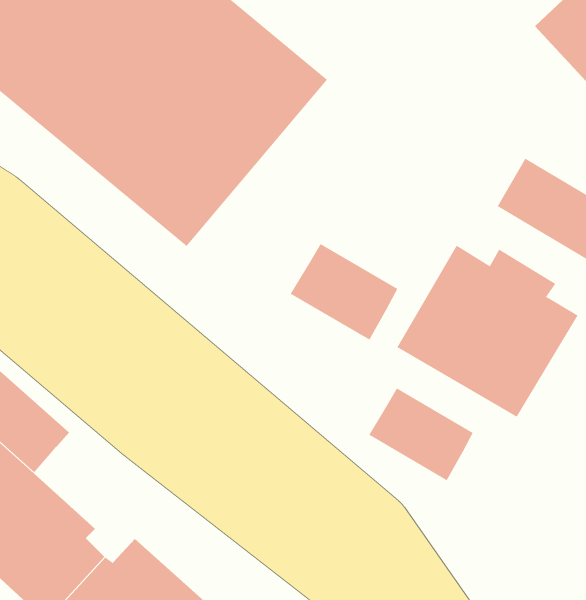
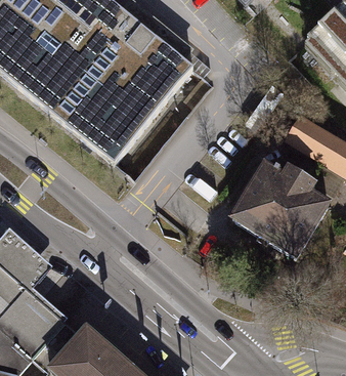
building: [290,243,398,341] -> none
building: [368,388,474,481] -> none

